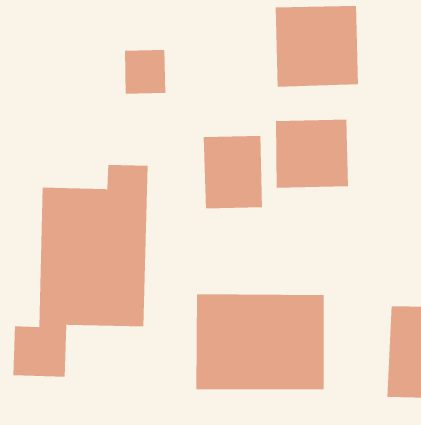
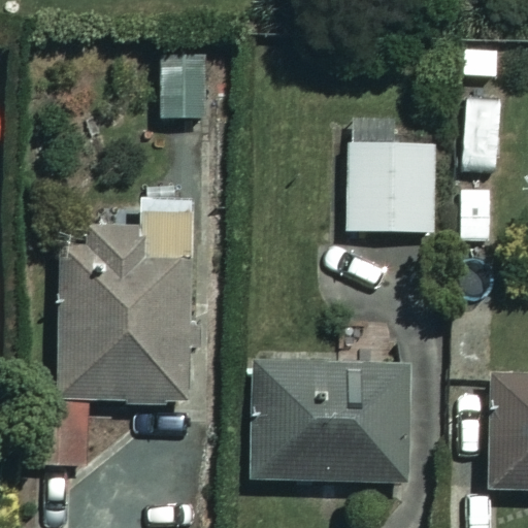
building: [275,5,358,87] -> none
building: [203,135,262,209] -> none

